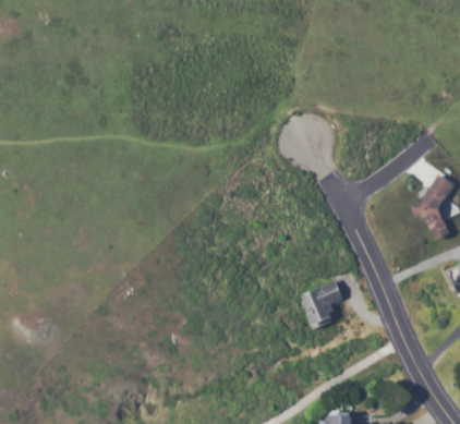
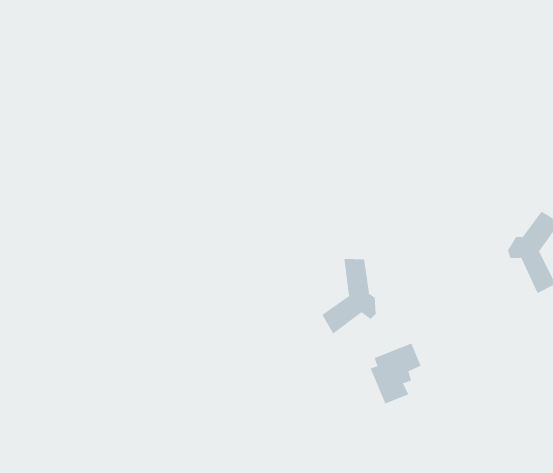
building: none -> [321,258,376,334]

